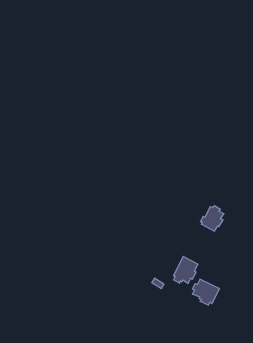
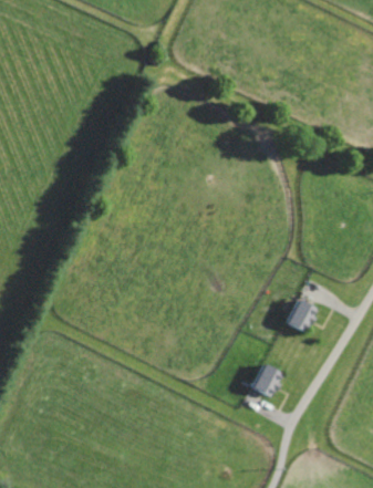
building: [192,279,219,305] -> none

